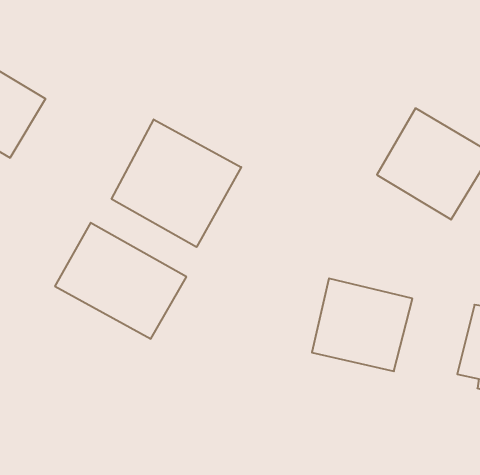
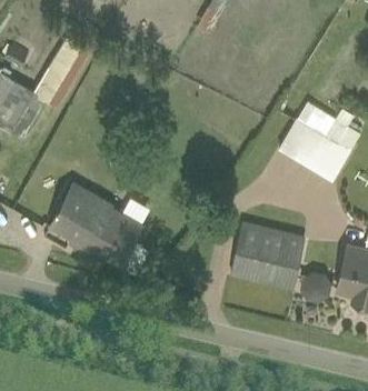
building: [112,119,241,247] -> none
building: none -> [302,273,332,303]

